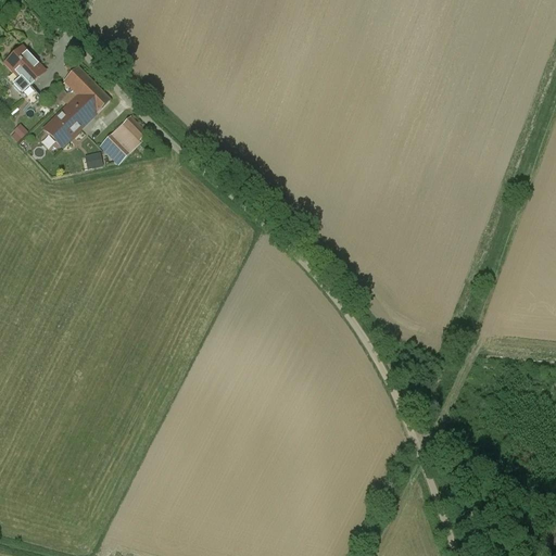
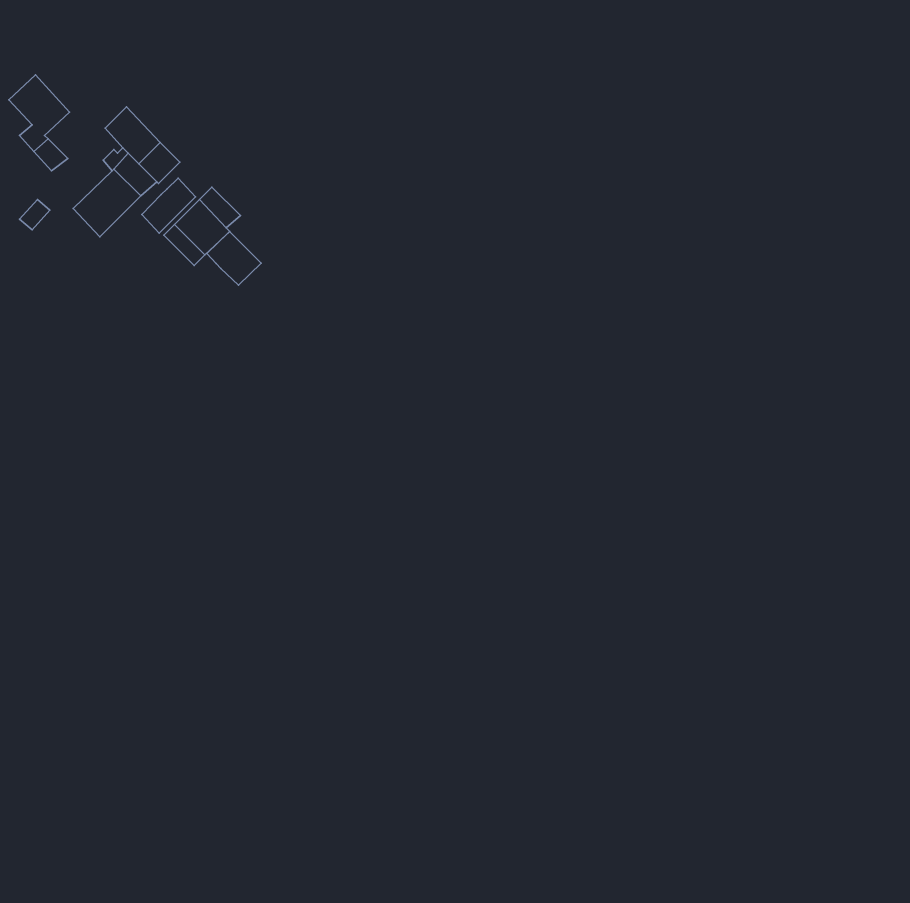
building: none -> [142,178,196,233]
building: none -> [207,232,261,285]

